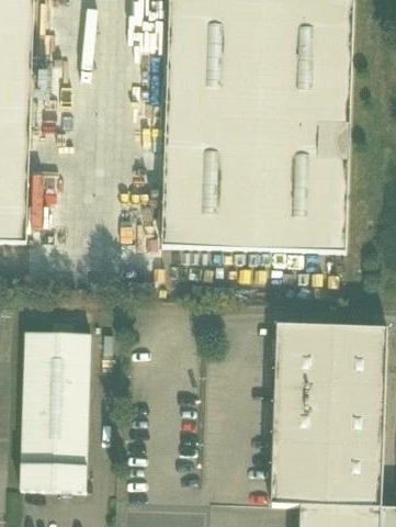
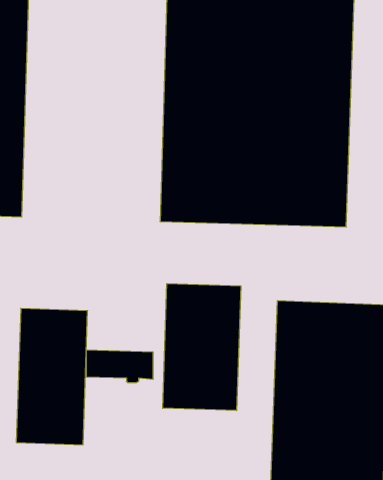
building: none -> [163,284,241,411]
building: [20,462,86,494] -> [86,350,153,382]

